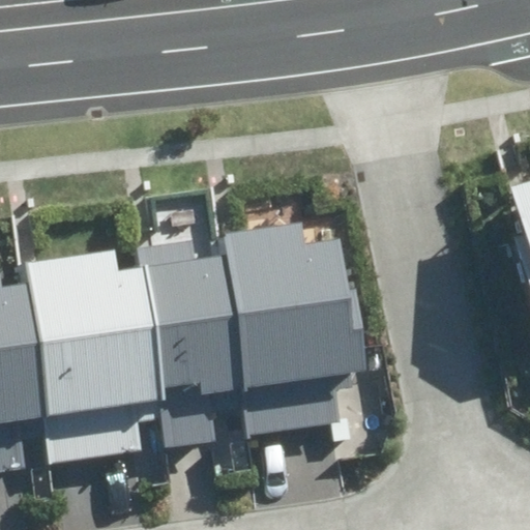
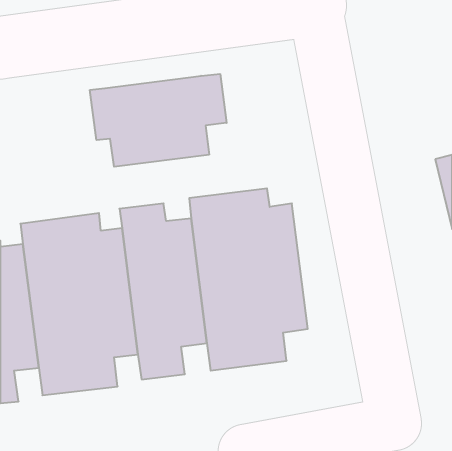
building: none -> [90,74,227,167]

